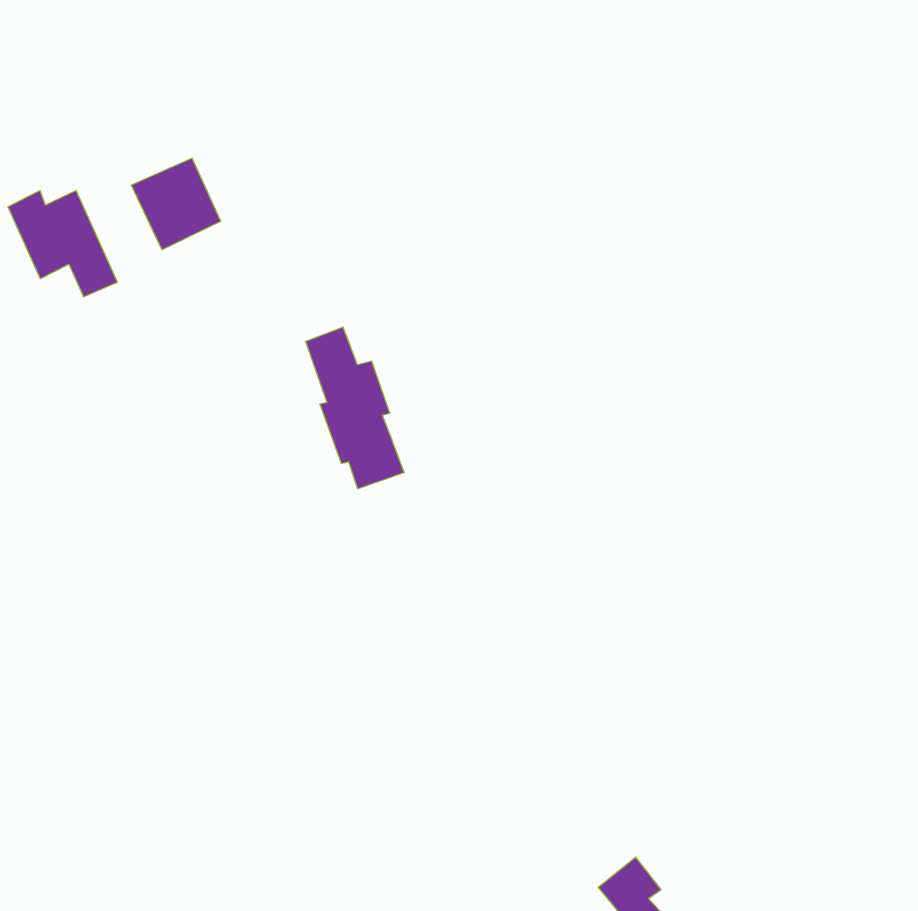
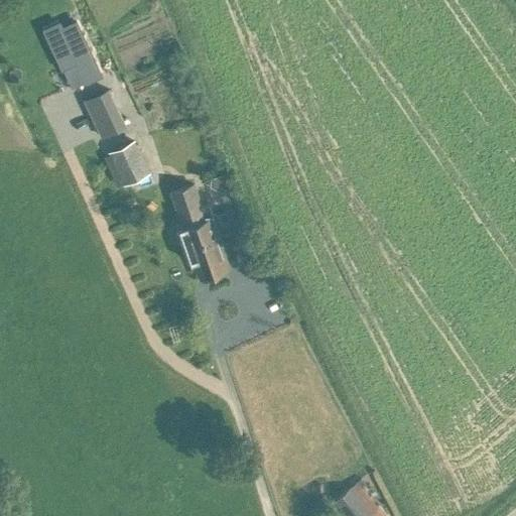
building: [8,191,117,297] -> [42,23,104,83]
building: none -> [108,142,149,187]

